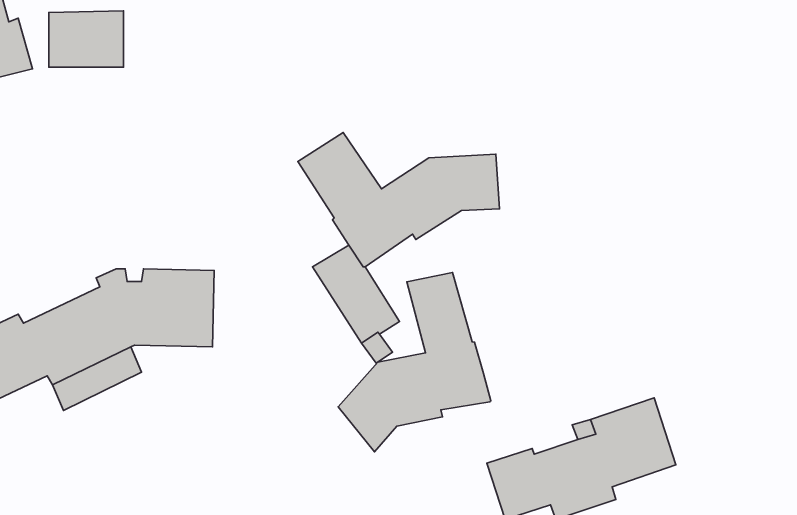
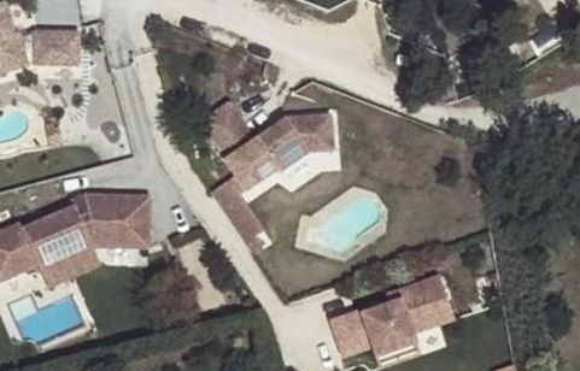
building: [338,272,491,452] -> none

